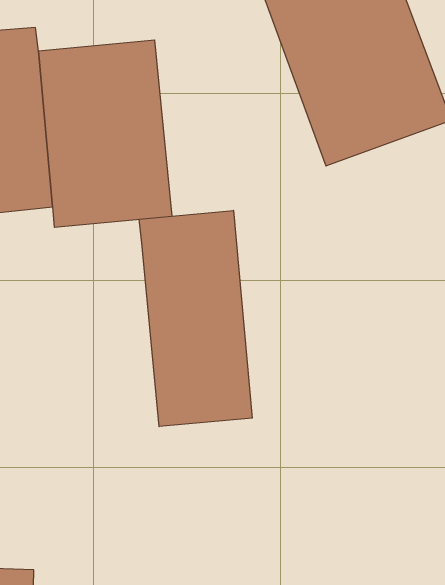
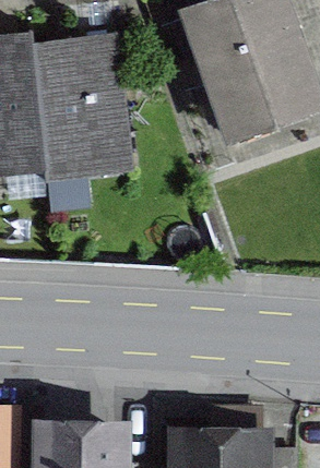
building: [139,210,252,427] -> none

